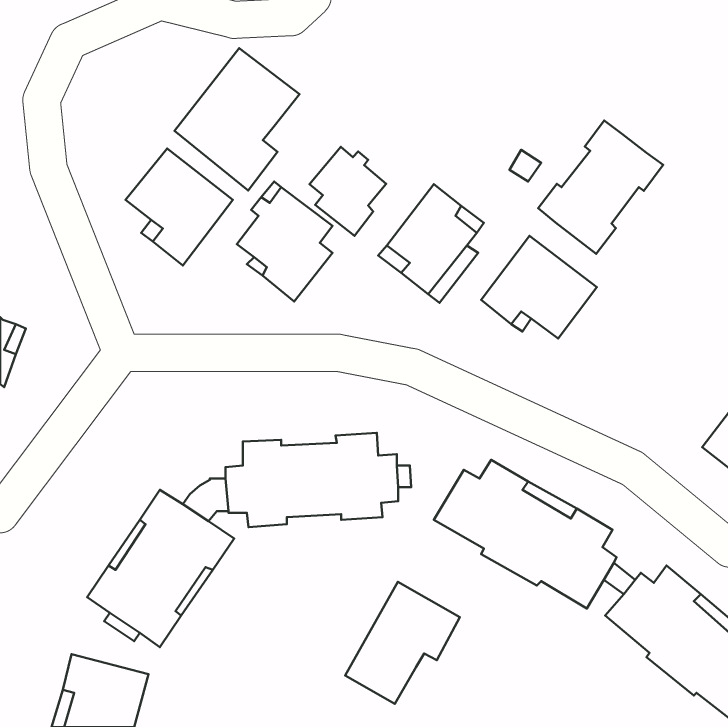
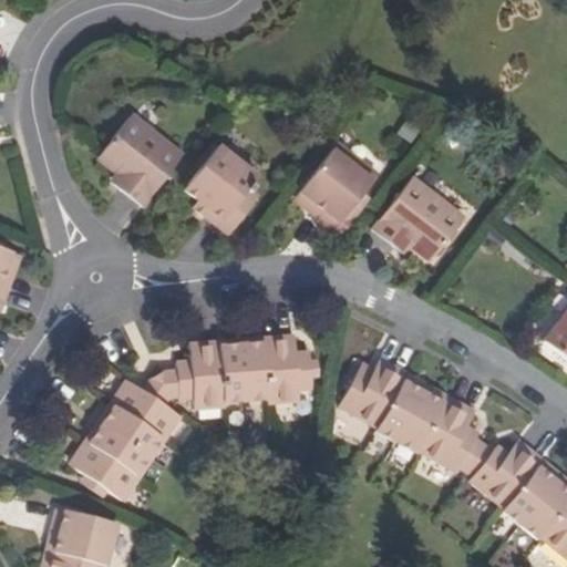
building: [174,48,299,190] -> none
building: [538,121,663,254] -> none
building: [310,147,386,236] -> none
building: [345,582,460,704] -> none

